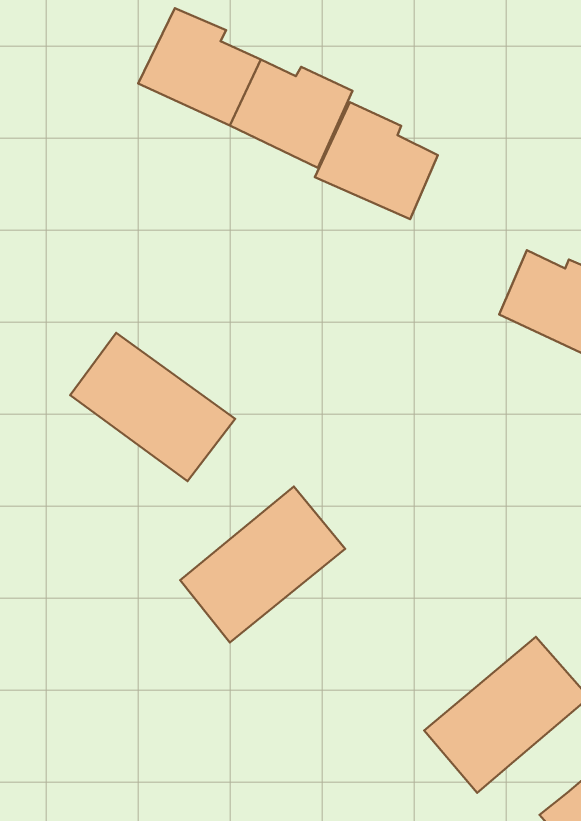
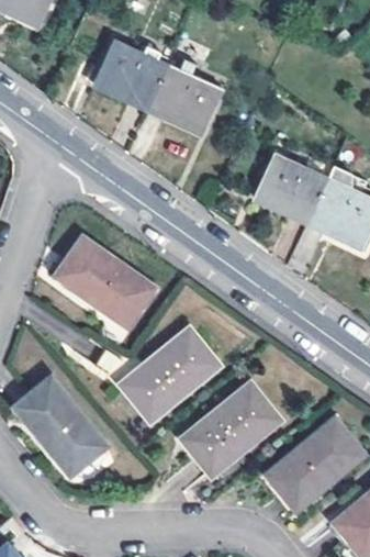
building: [315,102,438,219] -> [254,154,327,224]
building: none -> [16,378,108,476]
building: none -> [182,382,280,475]

